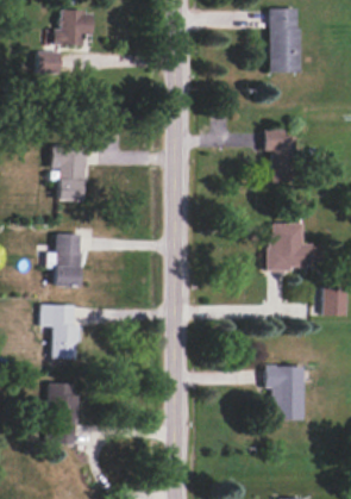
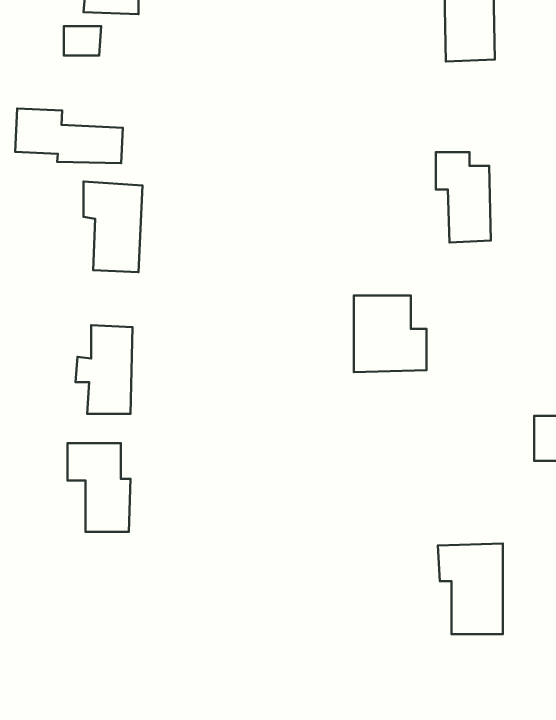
building: none -> [15,109,123,163]
building: [269,223,313,269] -> [354,295,427,372]
building: [48,382,79,443] -> none

